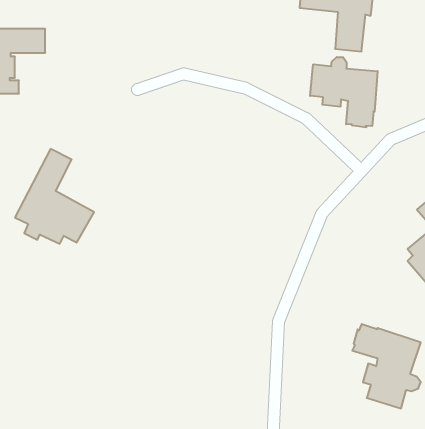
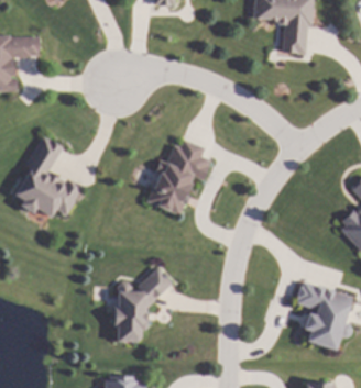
building: [310,57,378,127] -> none
building: none -> [146,138,210,215]
building: none -> [113,267,173,341]

